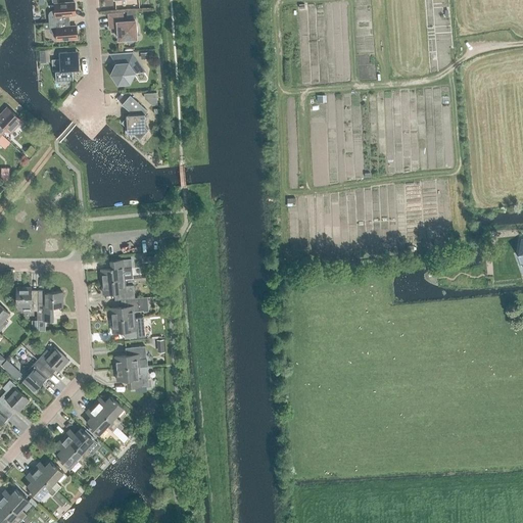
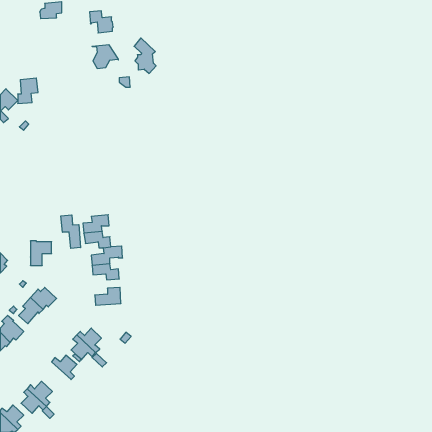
building: [49,21,77,41] -> none
building: [55,51,80,82] -> [18,78,38,103]
building: [122,95,148,138] -> [134,38,156,73]
building: none -> [61,215,81,248]
building: [16,288,37,311] -> none
building: [115,367,148,389] -> none
building: [55,437,86,467] -> none

